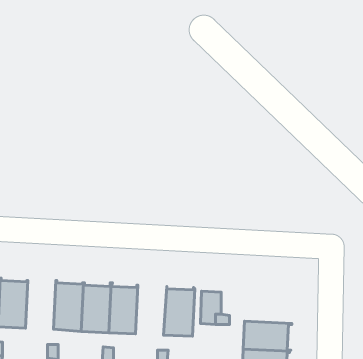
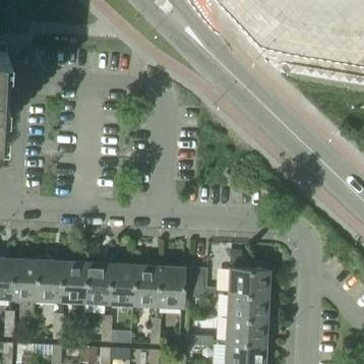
building: none -> [37,259,63,302]
building: none -> [133,263,161,307]
building: none -> [229,269,271,297]

